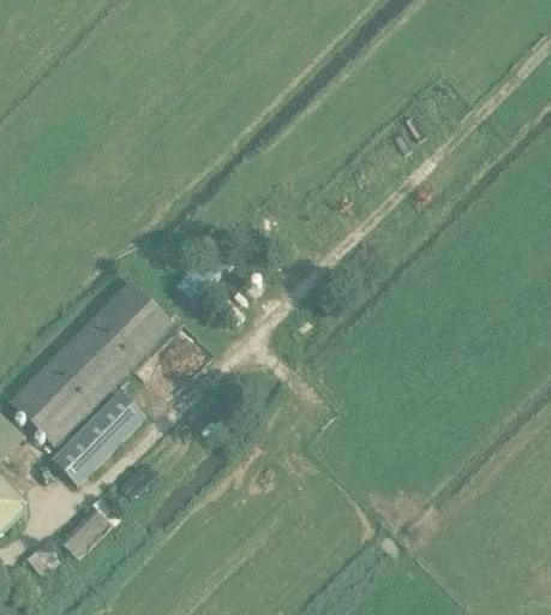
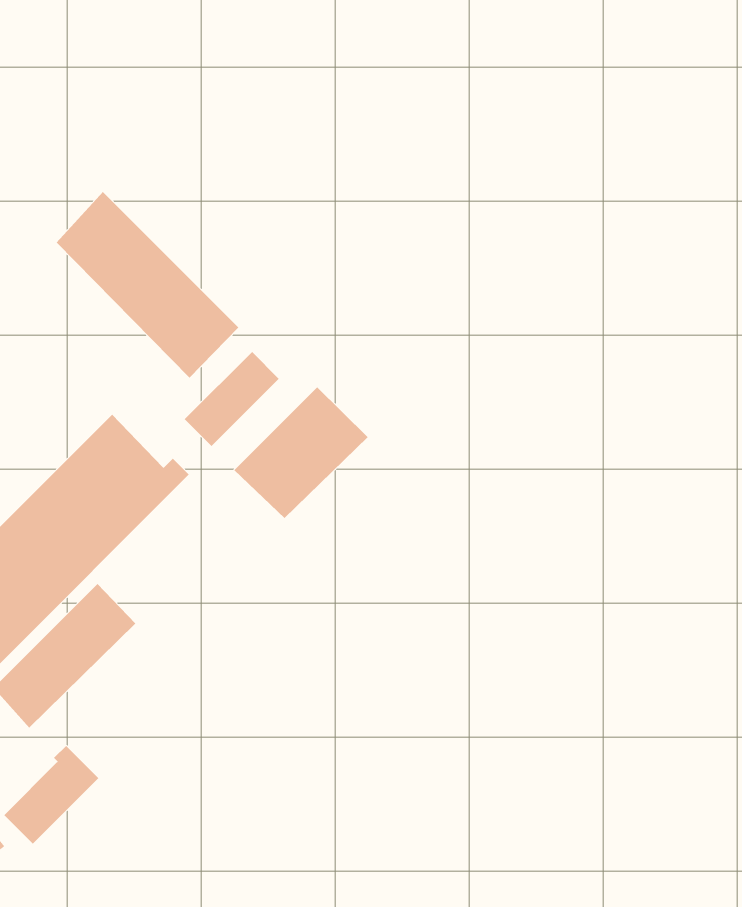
building: none -> [56,191,239,379]
building: none -> [233,387,369,519]

